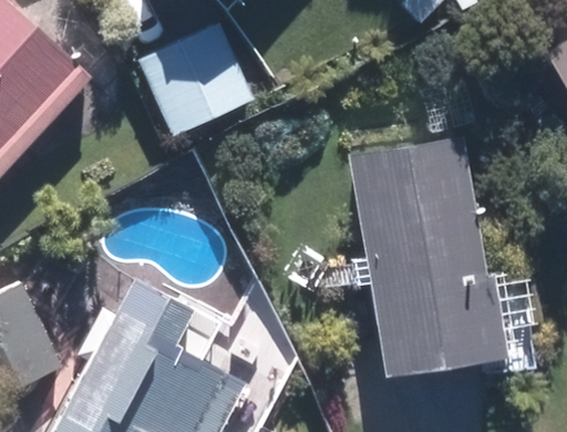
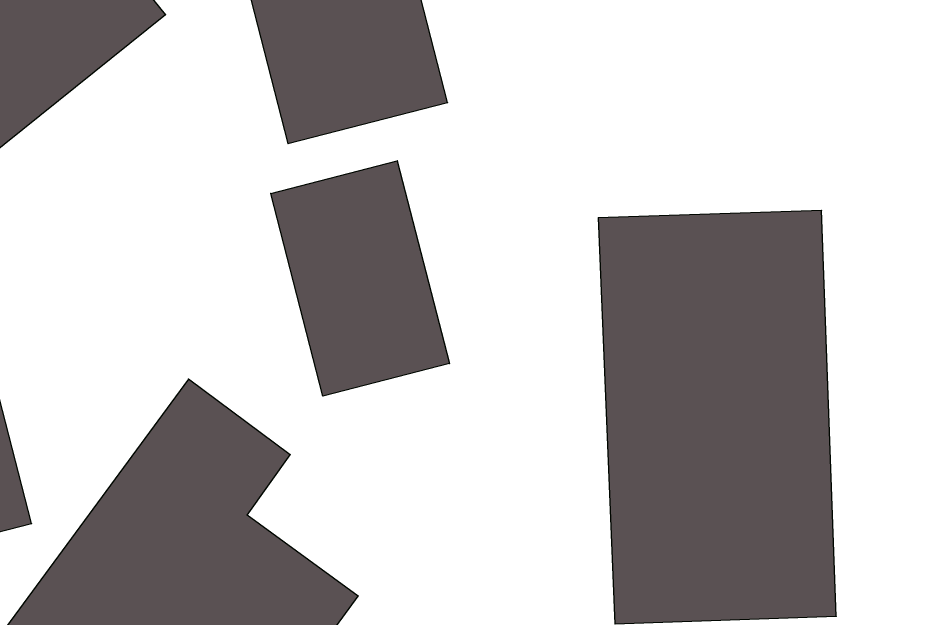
building: none -> [271,161,449,396]

